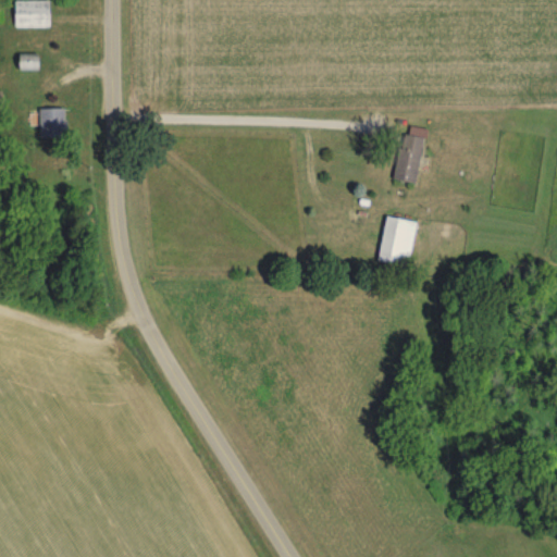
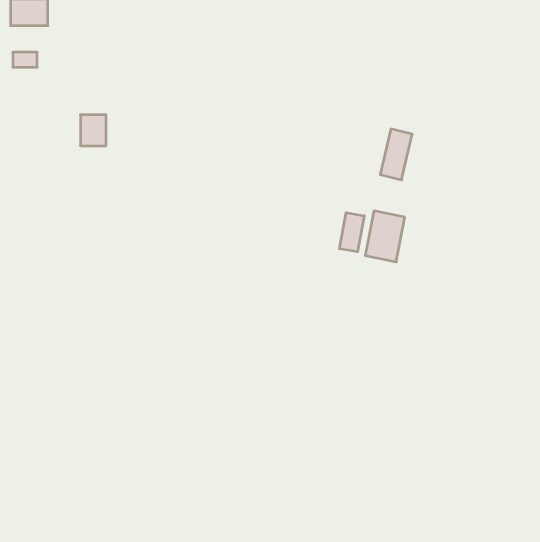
building: [40,107,66,138] -> [80,115,106,146]
building: none -> [339,213,364,252]

